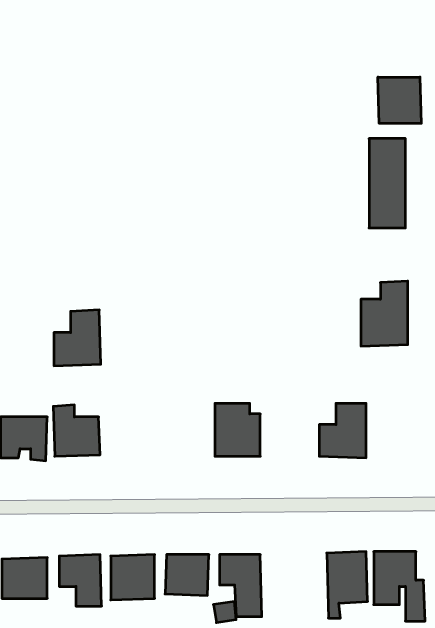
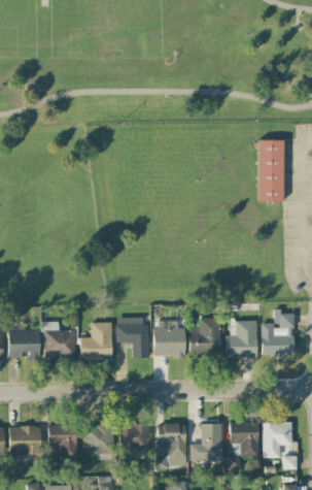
building: [378,77,421,123] -> none
building: [361,281,408,346] -> [262,312,293,356]
building: [54,310,101,366] -> [80,322,112,360]
building: none -> [116,318,148,359]
building: none -> [189,318,221,355]
building: none -> [190,424,222,461]

